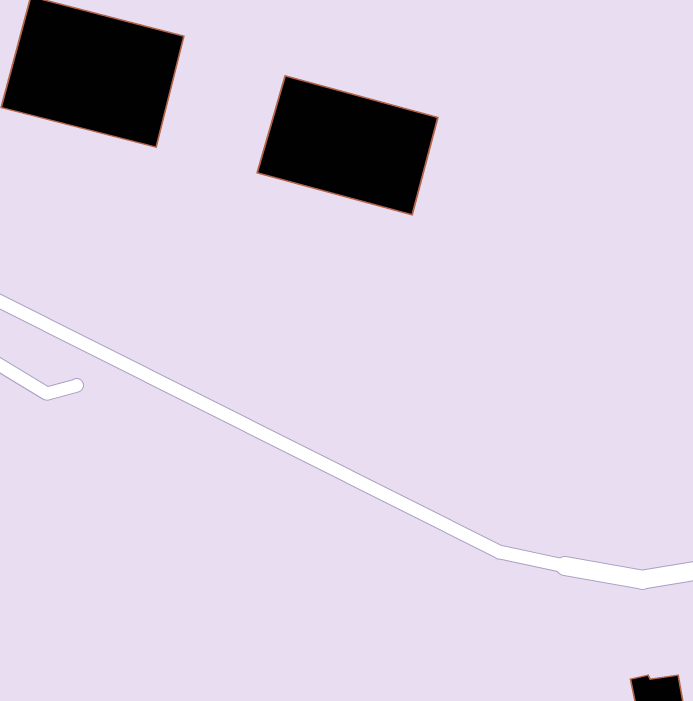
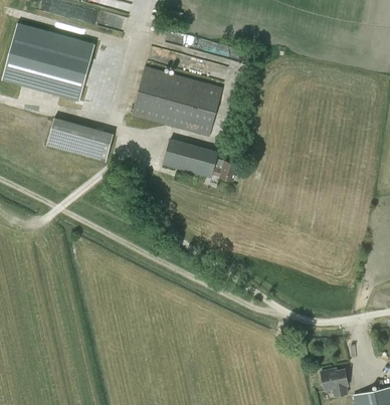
building: none -> [47,117,114,160]
building: none -> [163,138,237,180]

